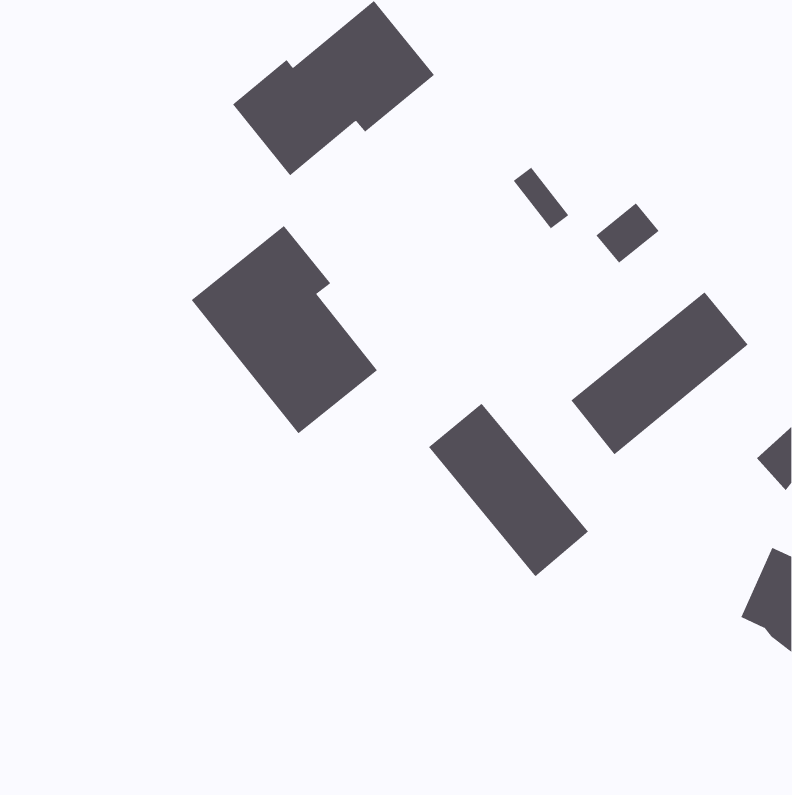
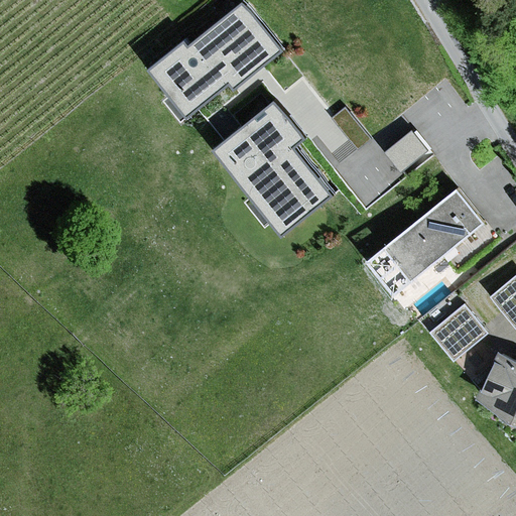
building: [191,225,378,434] -> [214,100,335,235]
building: [428,403,589,577] -> none
building: none -> [428,303,487,361]

